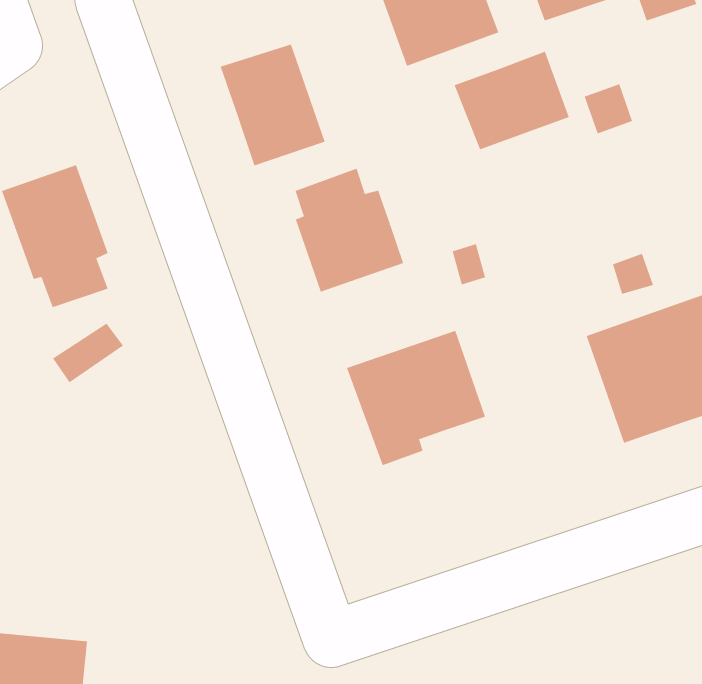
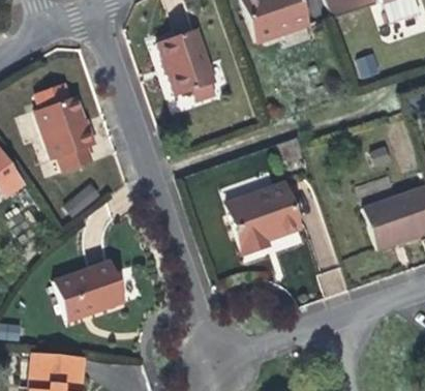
building: [454,51,570,150] -> none
building: [295,168,404,293] -> none
building: none -> [54,262,127,323]

